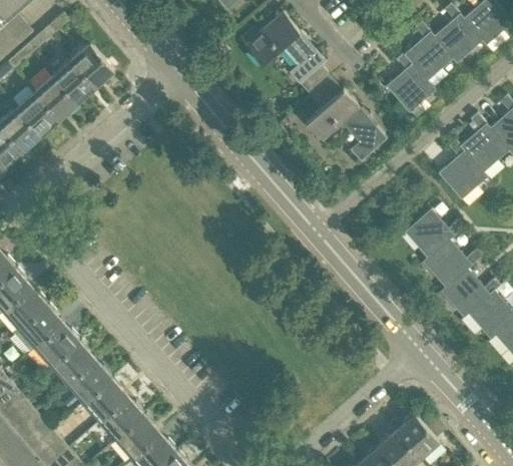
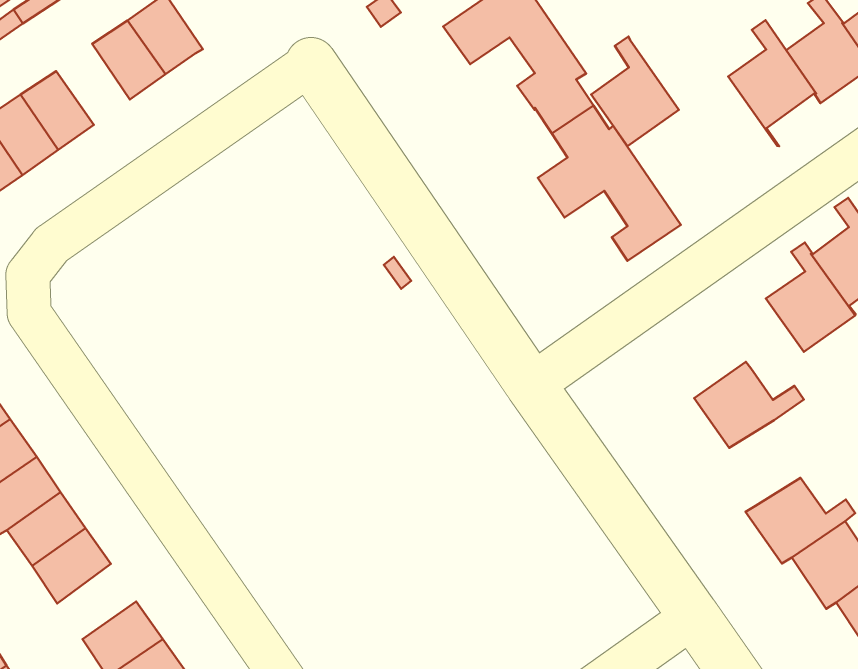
building: [386,52,435,112] -> [591,36,679,146]
building: [35,75,77,119] -> none
building: [422,240,482,288] -> none
building: [68,359,111,402] -> none

